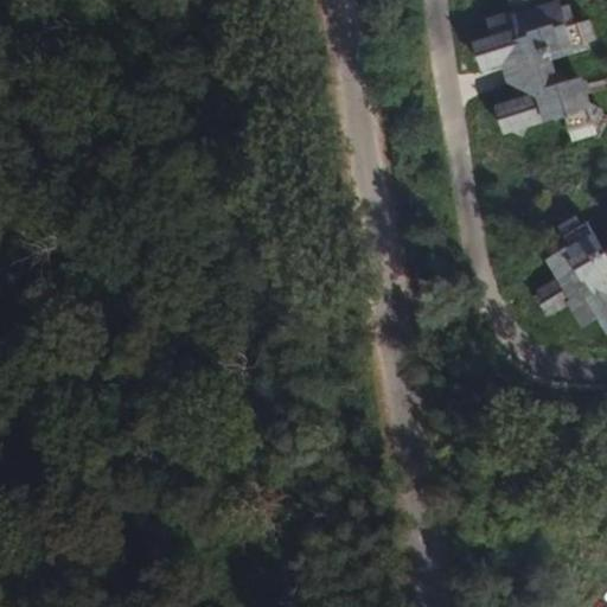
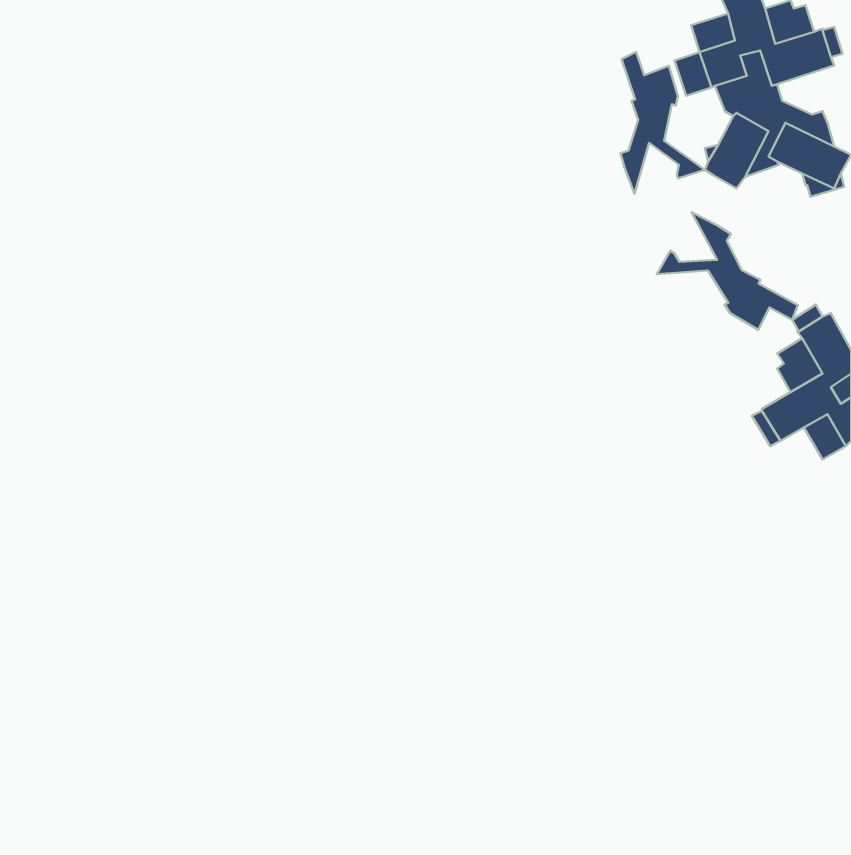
building: none -> [621,52,705,194]
building: none -> [657,212,798,330]

